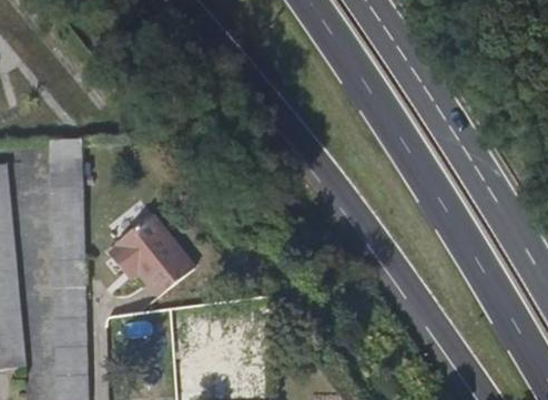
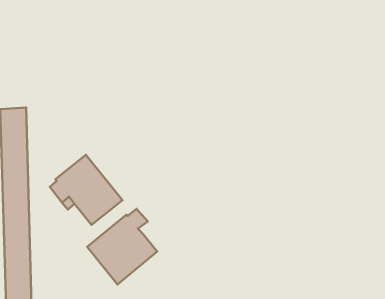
building: none -> [87,209,157,284]

